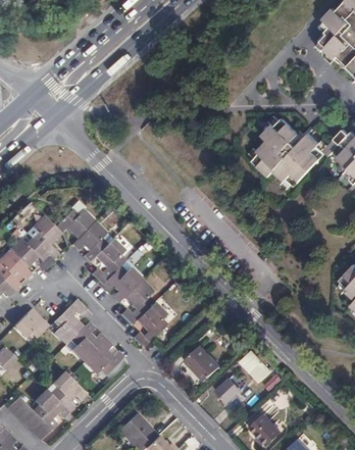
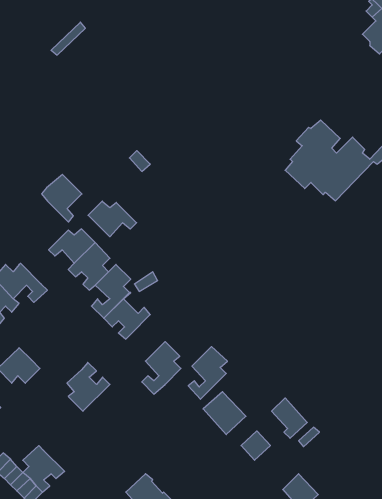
building: none -> [88,201,137,237]
building: [27,216,60,256] -> [42,174,82,222]
building: [120,282,153,326] -> [188,347,227,399]
building: [53,299,87,344] -> none
building: [84,340,123,376] -> none
building: [51,373,86,412] -> none

